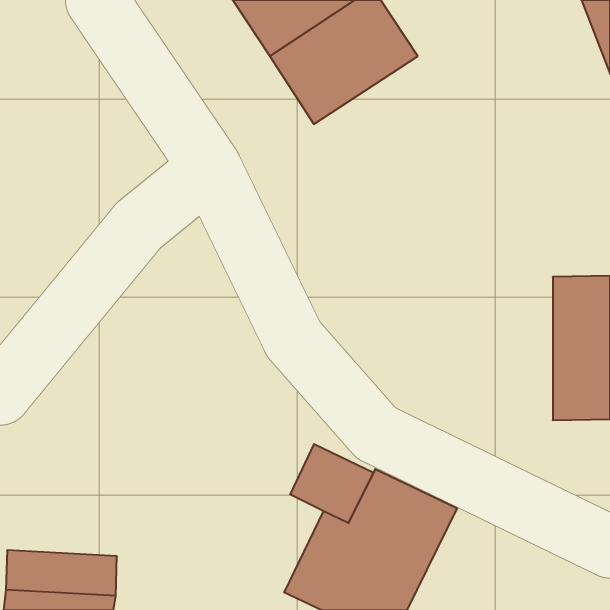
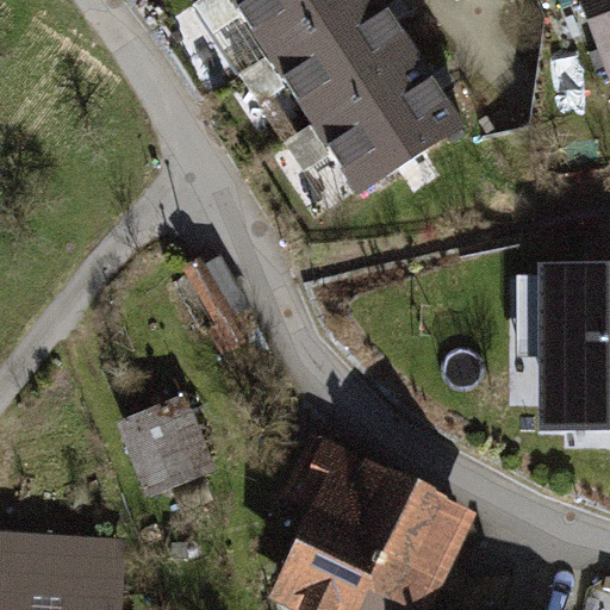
building: none -> [313,56,463,194]
building: none -> [127,400,211,491]

